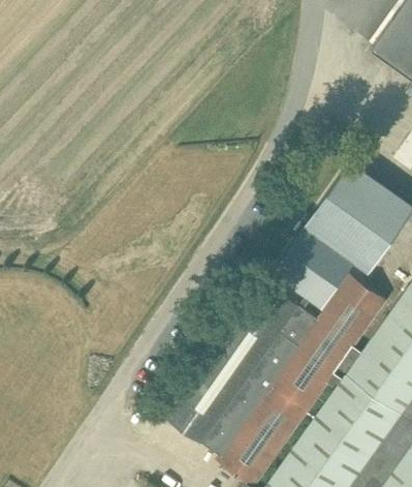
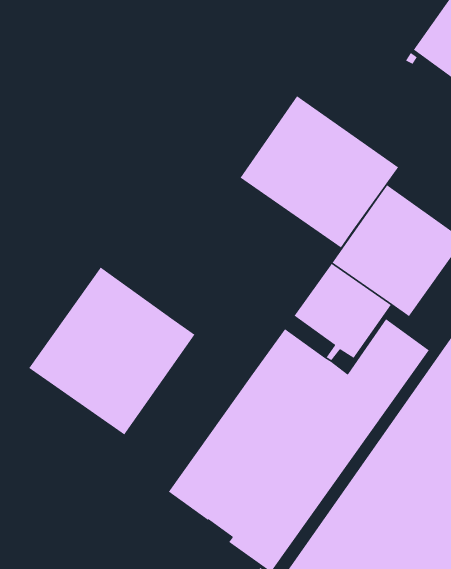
building: none -> [240,95,399,249]
building: none -> [28,266,195,436]

